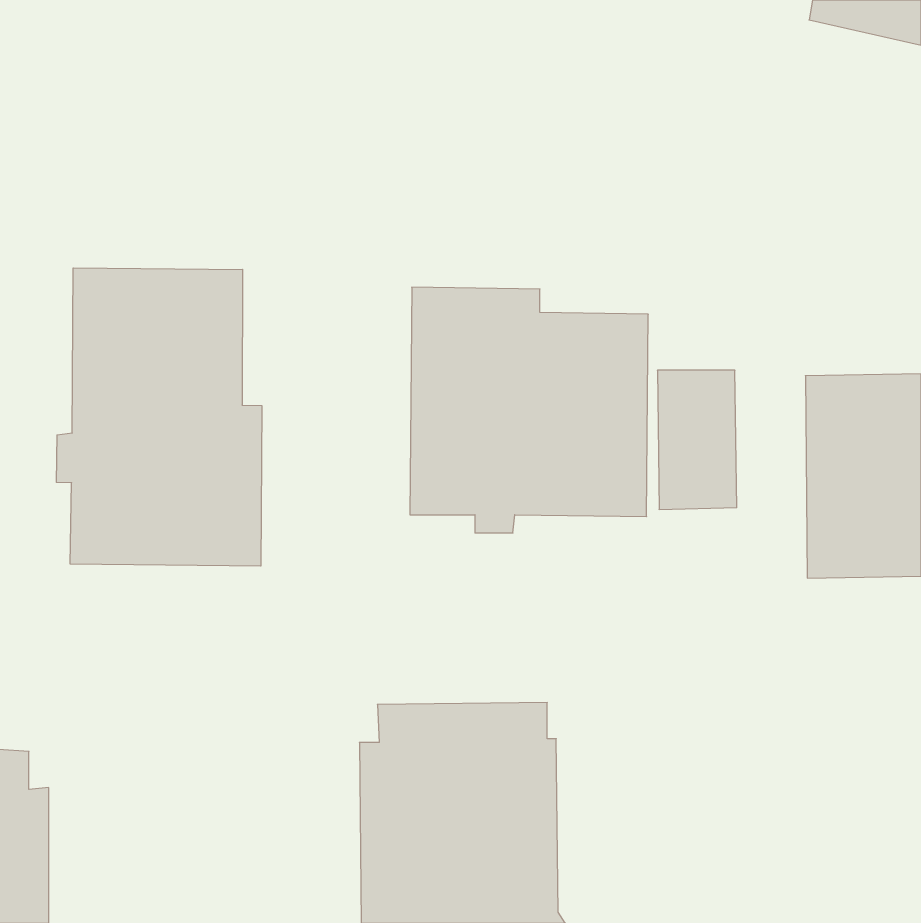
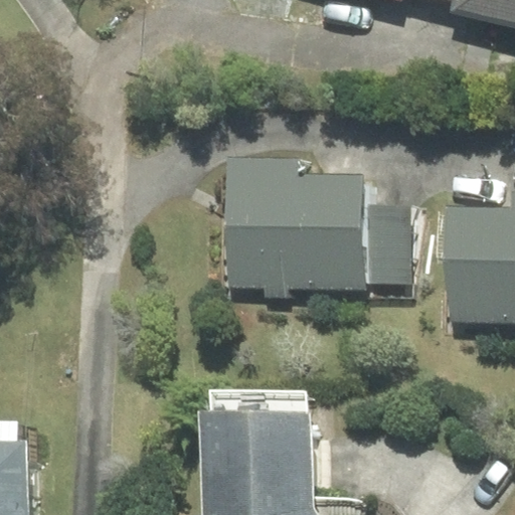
building: [56,268,262,566] -> none

